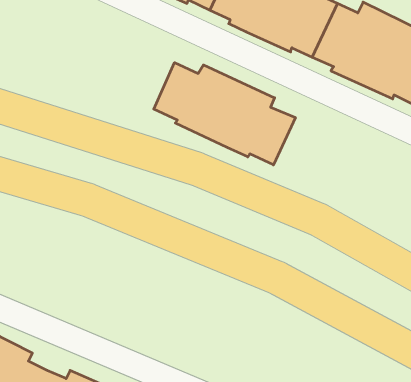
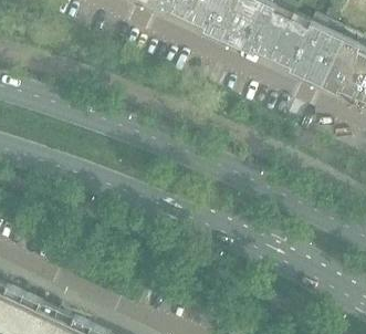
building: [154,63,295,165] -> none

